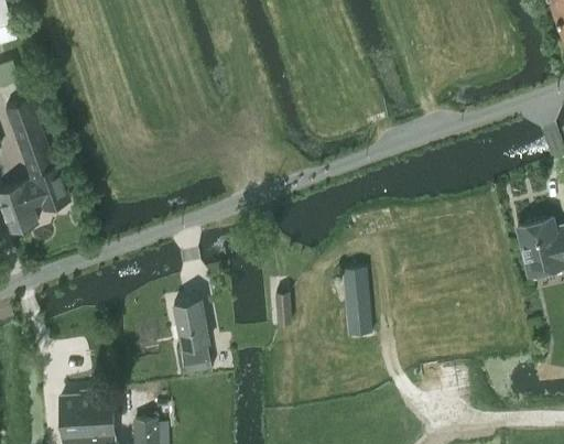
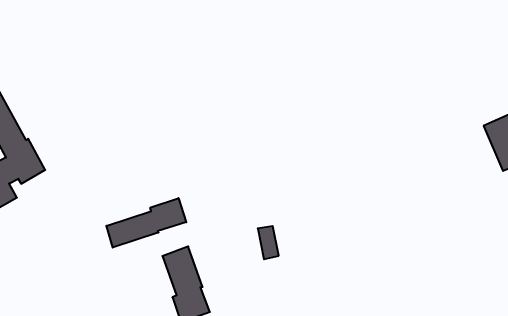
building: none -> [106,198,186,248]
building: [341,268,371,335] -> none

